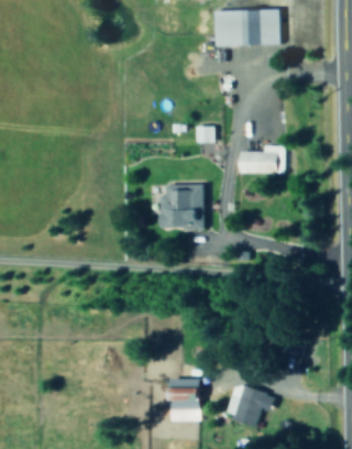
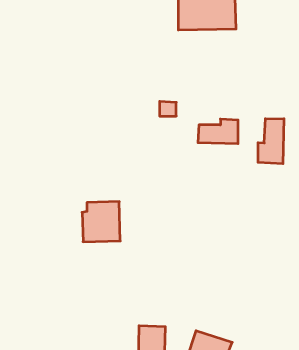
building: none -> [258,119,284,164]
building: [162,185,205,230] -> [82,202,120,242]

